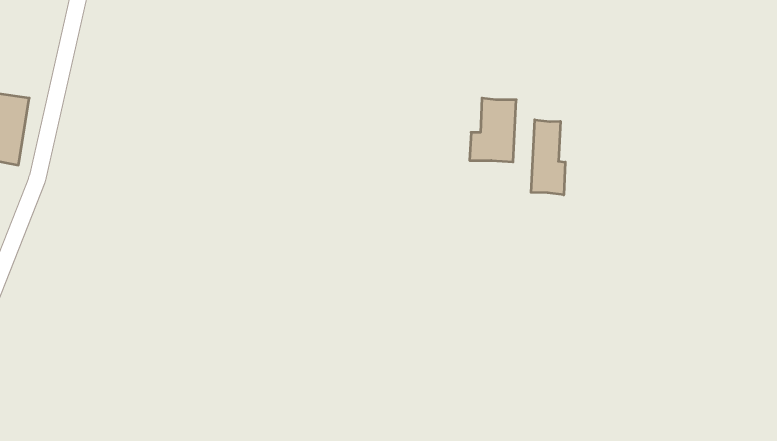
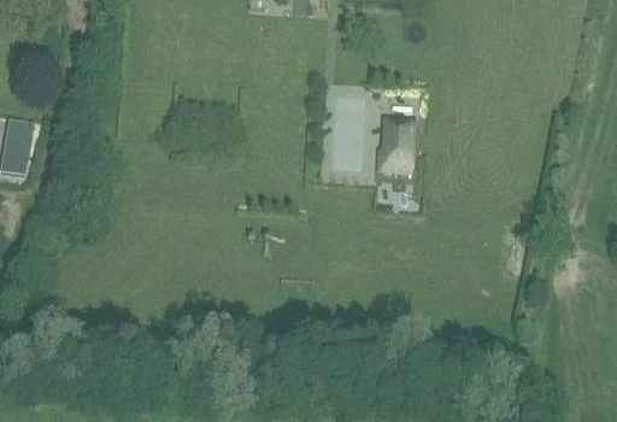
building: [531,120,565,195] -> none

